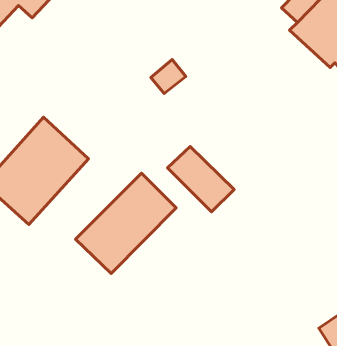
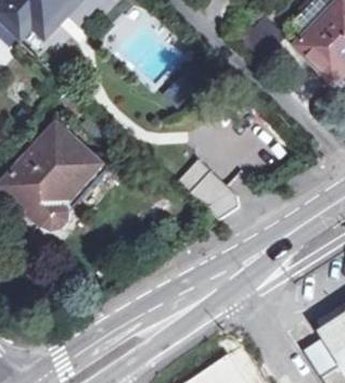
building: [76,173,176,274] -> none

